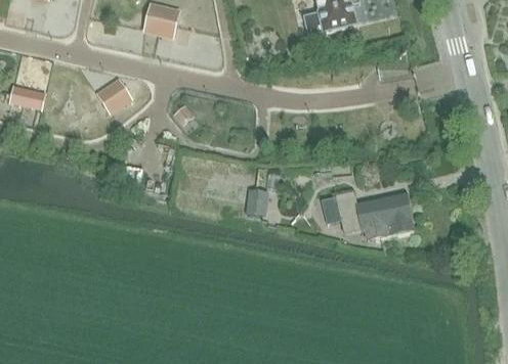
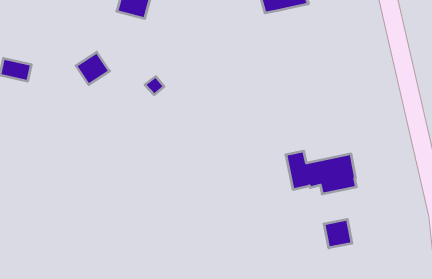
building: [246,187,269,215] -> none
building: none -> [324,219,352,248]

